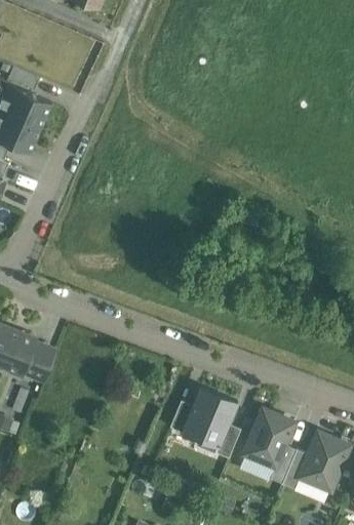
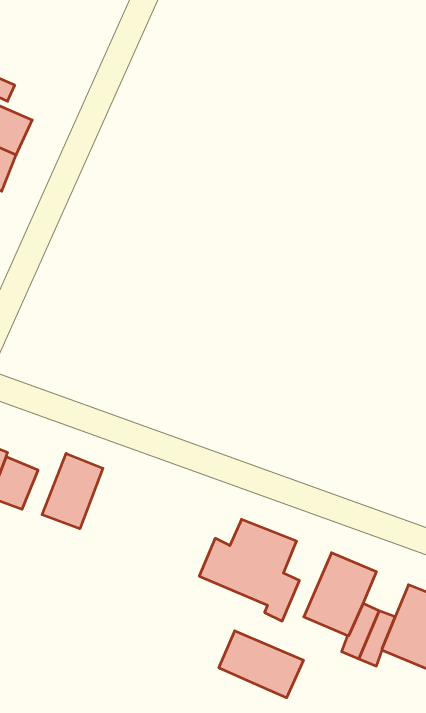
building: none -> [42,453,103,529]
building: none -> [219,631,303,698]

